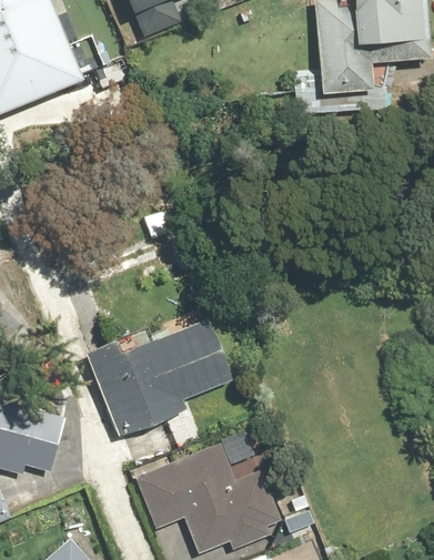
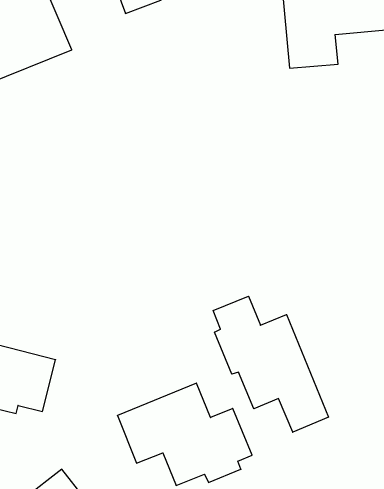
building: [85,315,236,437] -> none
building: none -> [213,296,329,432]

